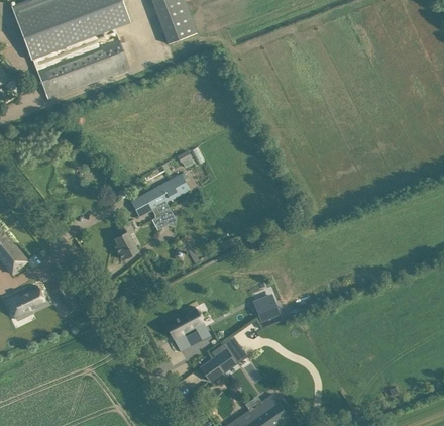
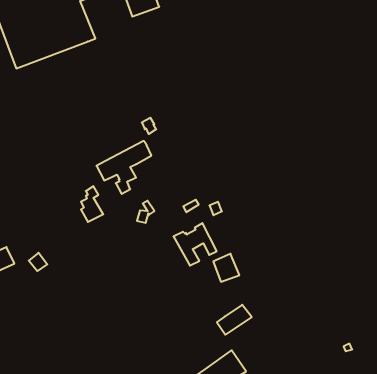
building: [163,307,209,351] -> [173,223,217,266]
building: [200,349,236,381] -> [217,305,252,335]

